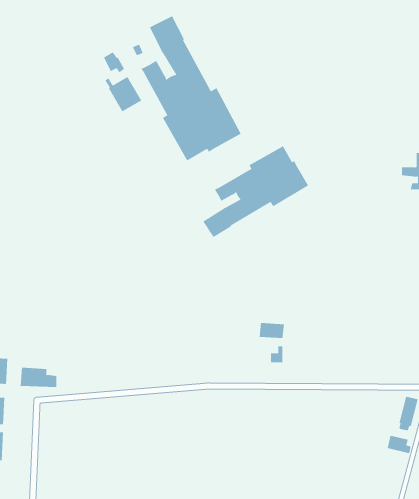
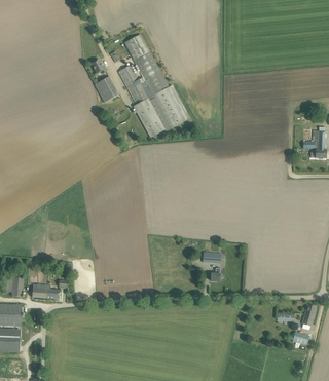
building: [203,146,309,238] -> none

